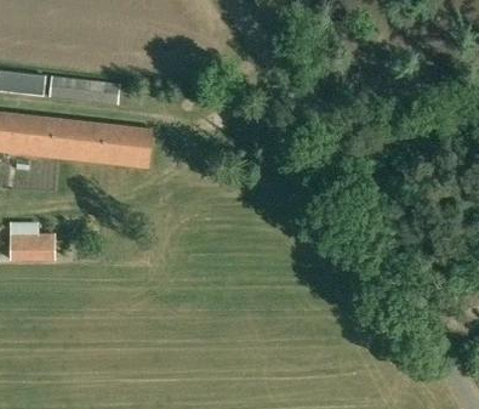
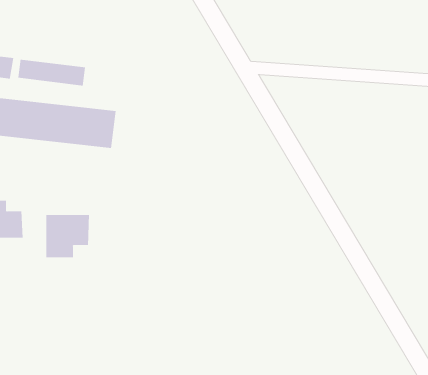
building: none -> [46,214,90,258]

